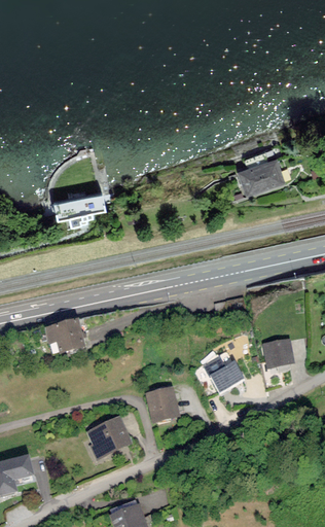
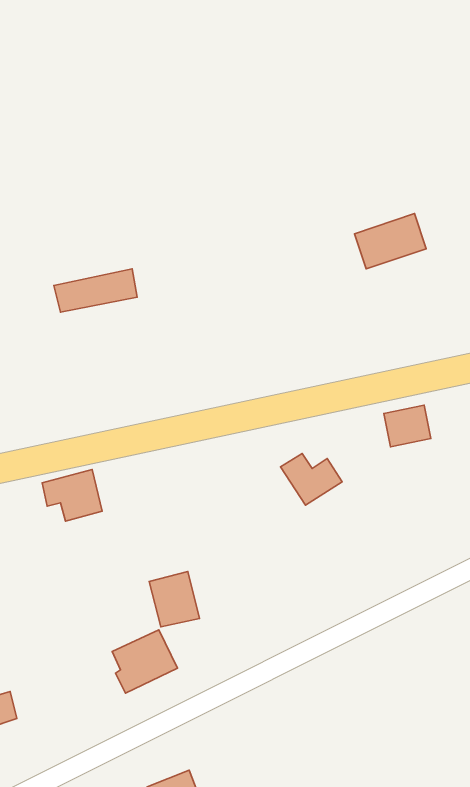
building: [263,340,292,365] -> [384,405,431,447]
building: [205,358,243,390] -> [280,454,342,505]
building: [146,386,177,420] -> [149,572,199,627]

